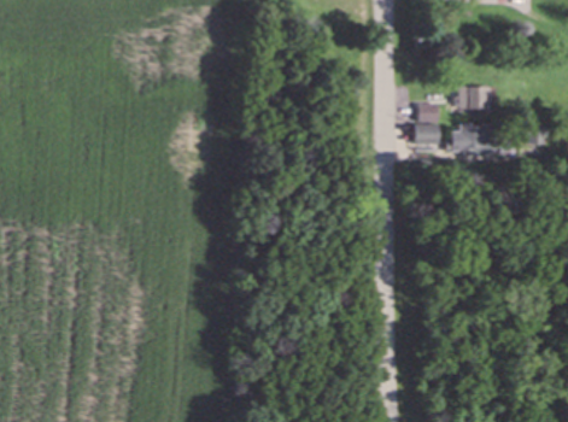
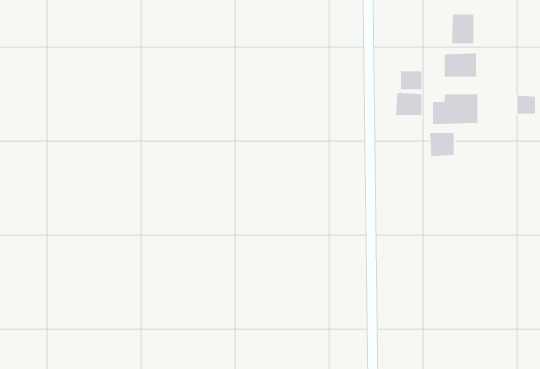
building: none -> [451,14,474,44]
building: none -> [430,132,454,157]

